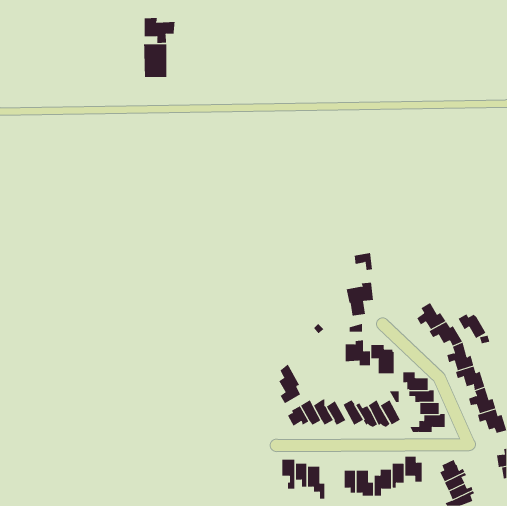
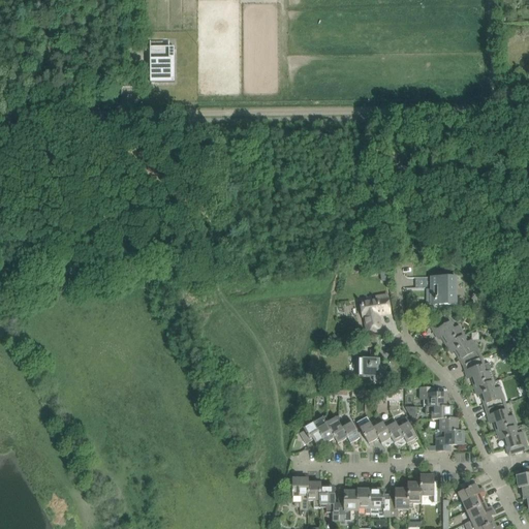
building: [144,17,175,44] -> none
building: none -> [430,276,456,303]
building: [458,313,486,339] -> none
building: [371,344,394,374] -> none
building: [273,364,301,404] -> none
building: none -> [338,491,357,520]

